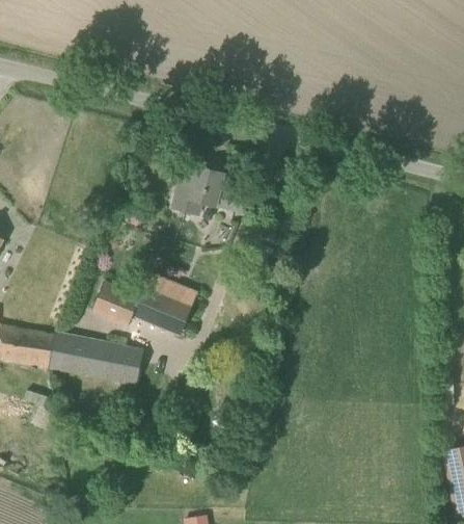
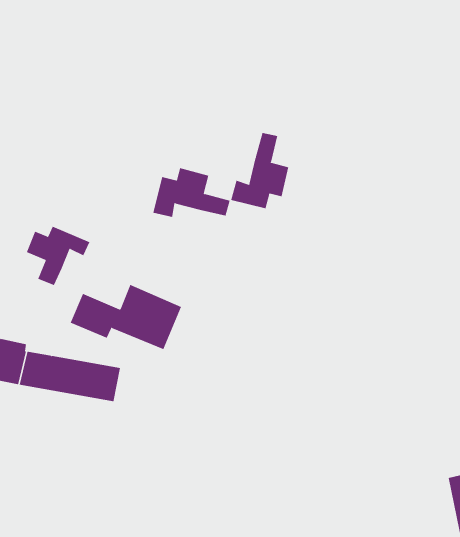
building: none -> [231,132,289,209]
building: none -> [26,226,90,286]

